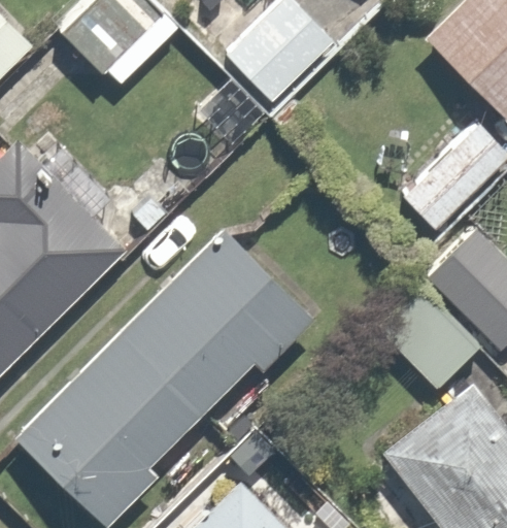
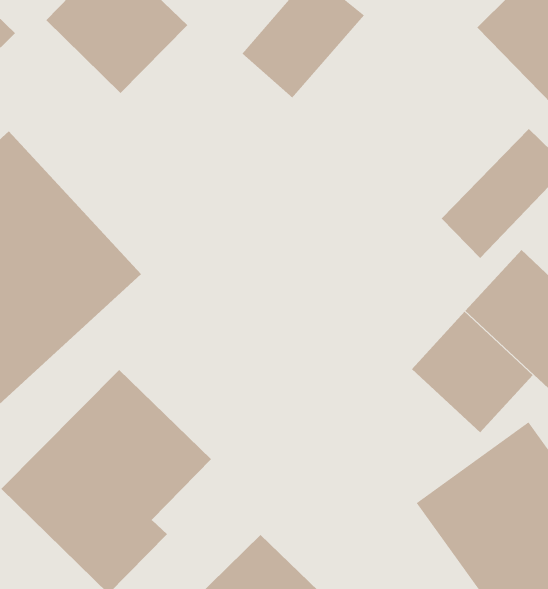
building: [119,225,320,412] -> none

